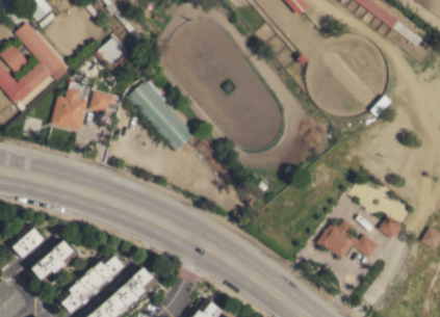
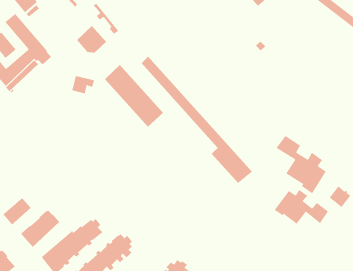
building: none -> [141,56,253,184]
building: [52,87,88,130] -> none
building: none -> [276,135,327,194]

